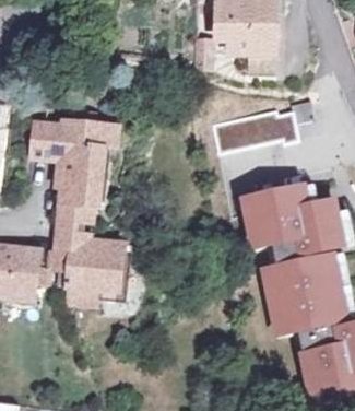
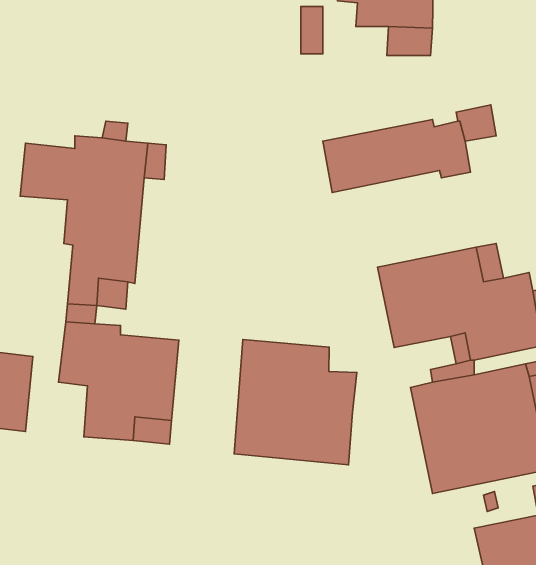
building: none -> [234,340,357,465]

